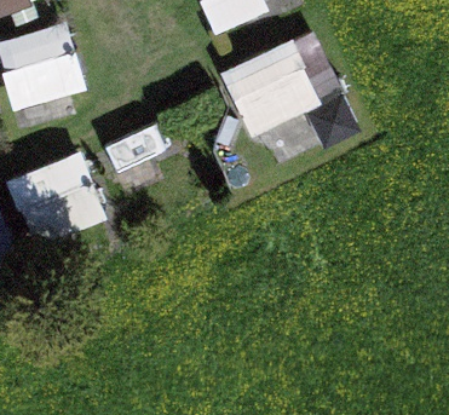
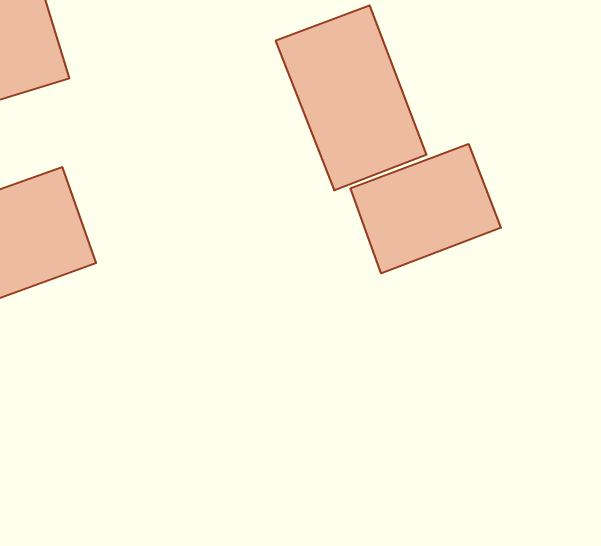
building: none -> [350,144,501,273]

